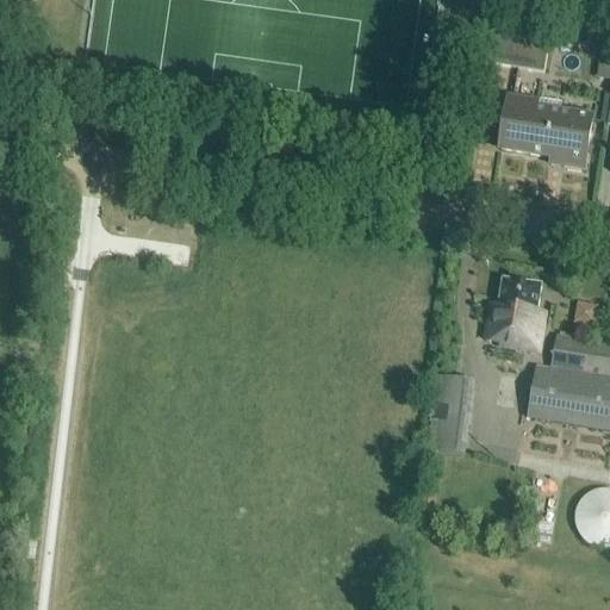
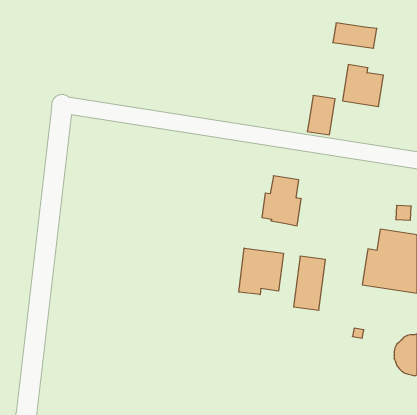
building: [550,110,591,167] -> [307,96,335,135]
building: [486,278,543,350] -> [262,176,301,226]
building: none -> [239,248,283,295]

